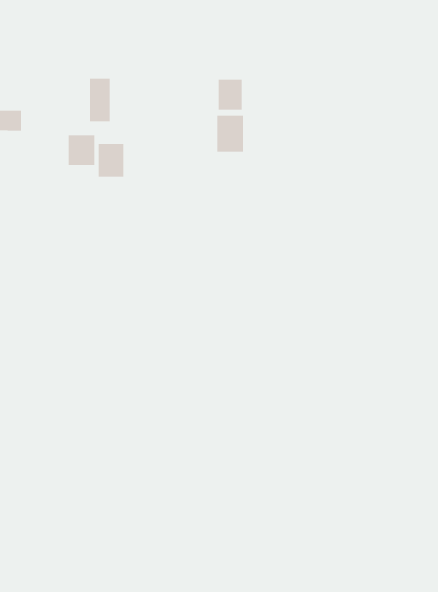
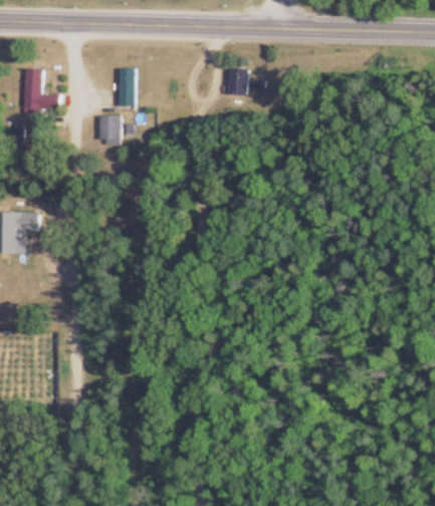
building: [217,115,243,152] -> none
building: [98,143,124,178] -> none

